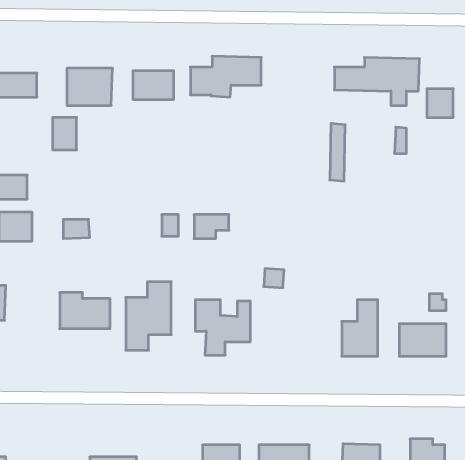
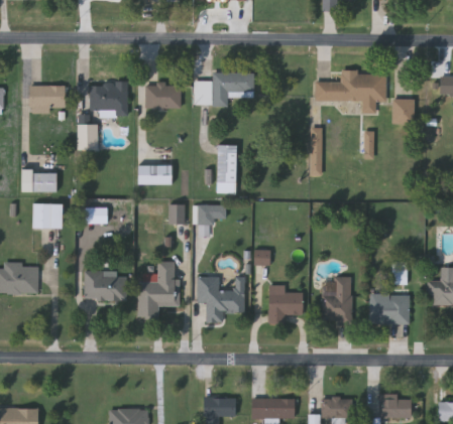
building: none -> [217,144,235,191]
building: none -> [137,164,171,183]
building: none -> [268,285,302,323]

